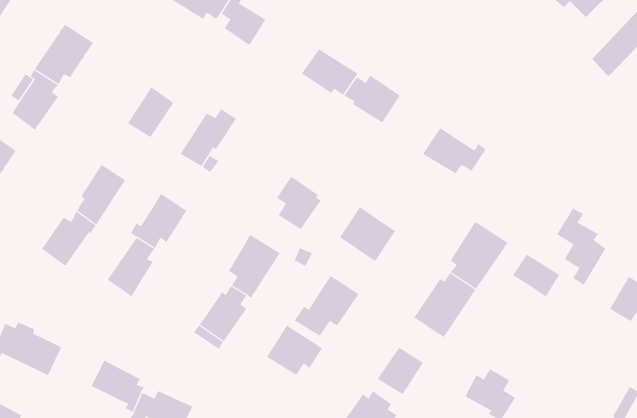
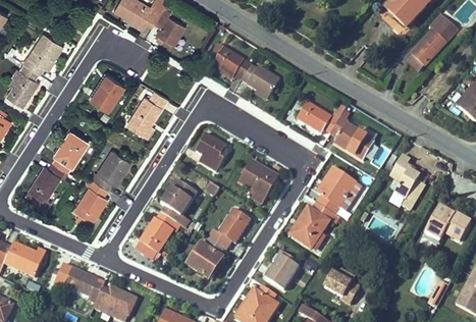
building: none -> [330,117,370,157]
building: [512,254,560,297] -> none

